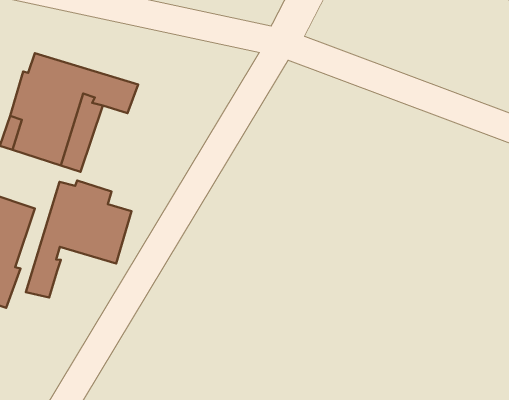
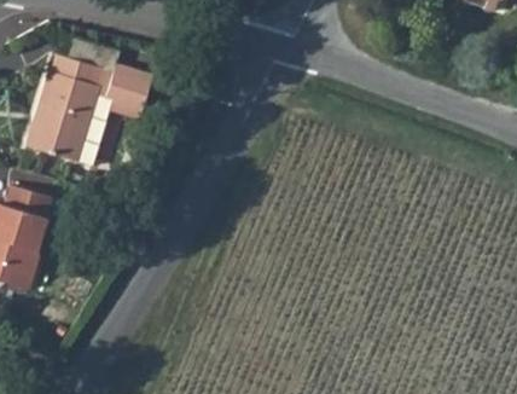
building: [26,180,131,297] -> none

